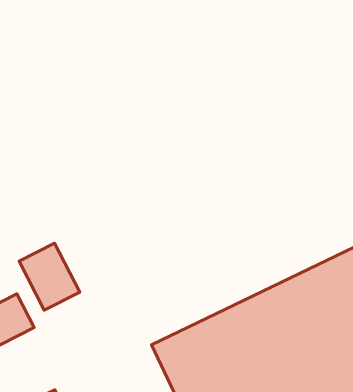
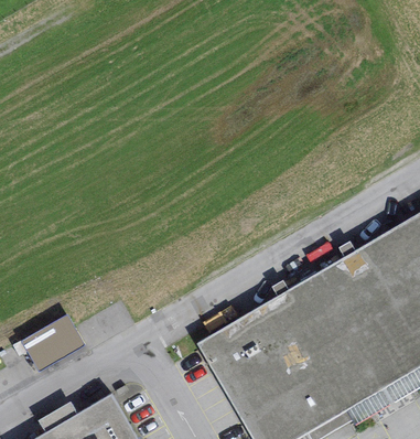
building: [19,243,80,310] -> none

